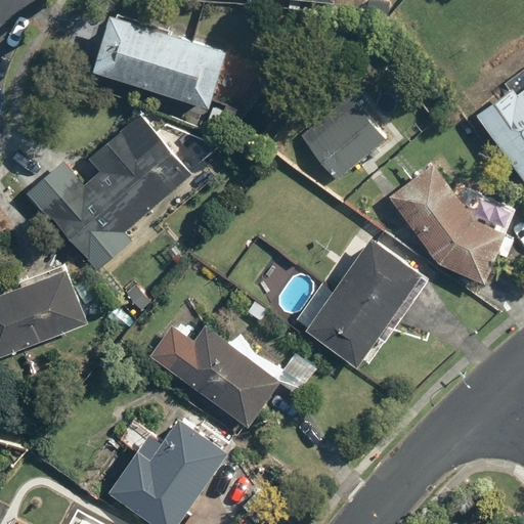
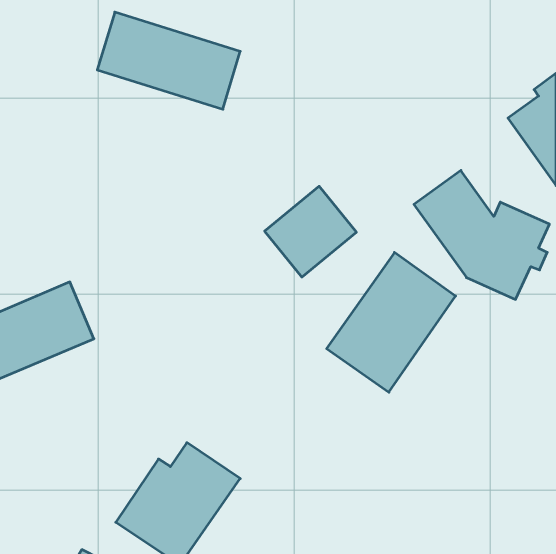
building: [300,97,386,182] -> [265,186,356,277]
building: [34,116,220,273] -> none
building: [148,323,283,430] -> none

